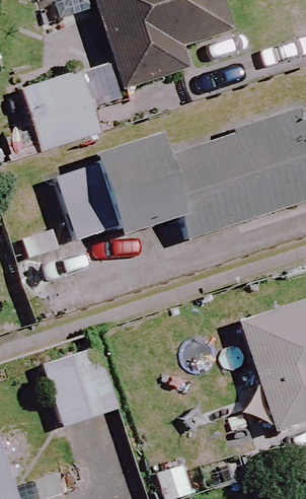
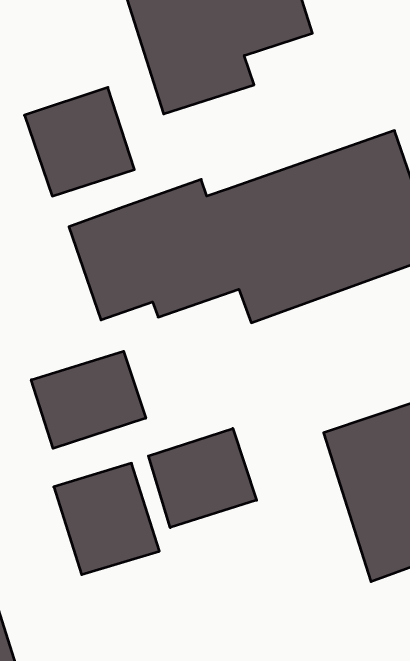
building: none -> [31,351,146,448]
building: none -> [148,428,257,528]

